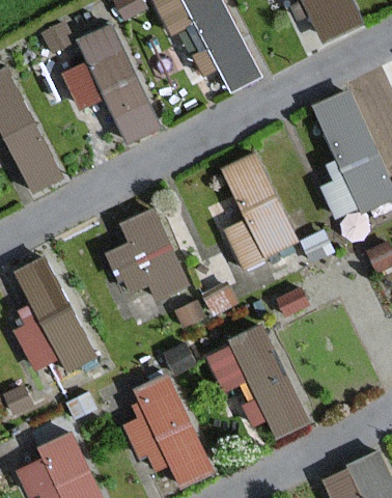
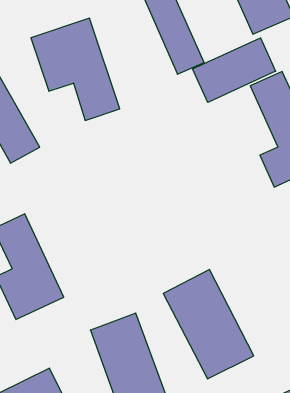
building: none -> [192,38,276,102]
building: [218,151,299,270] -> none
building: [102,215,190,308] -> none

